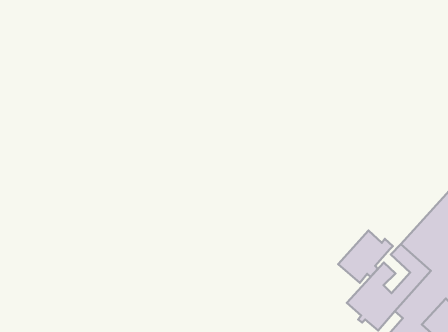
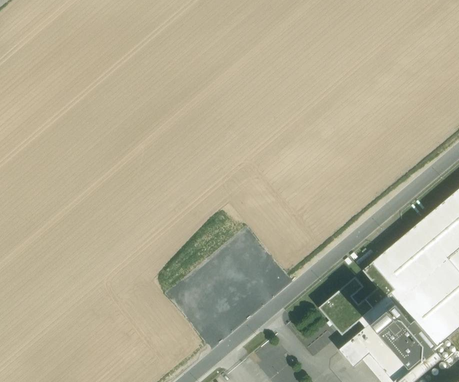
building: [338,231,393,283] -> none

